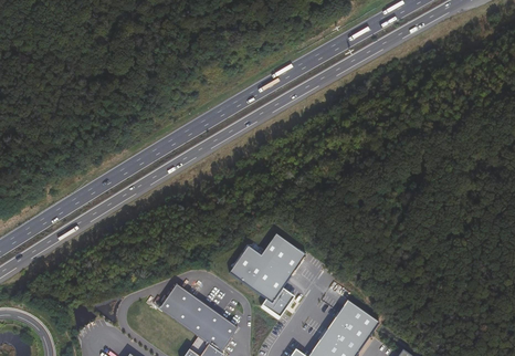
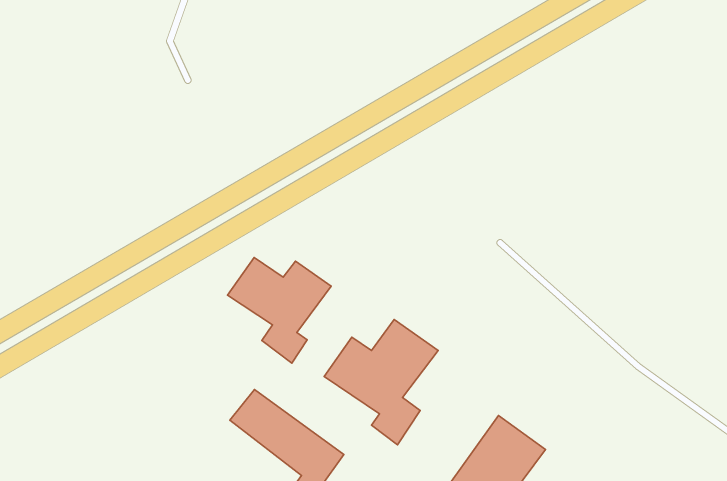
building: none -> [227,257,331,363]

